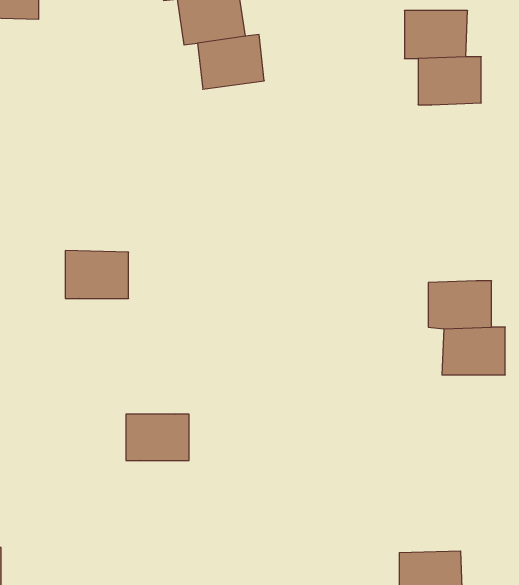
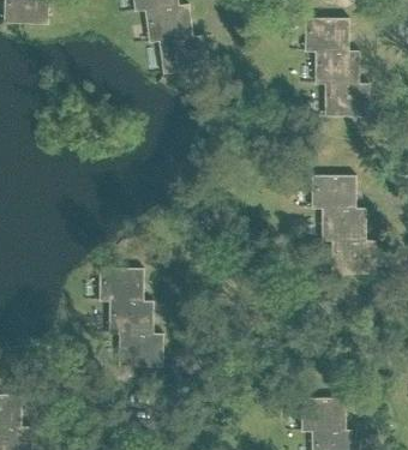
building: none -> [324,83,368,116]
building: none -> [312,175,356,209]
building: [65,251,129,298] -> [100,268,144,301]
building: none -> [119,334,163,367]

